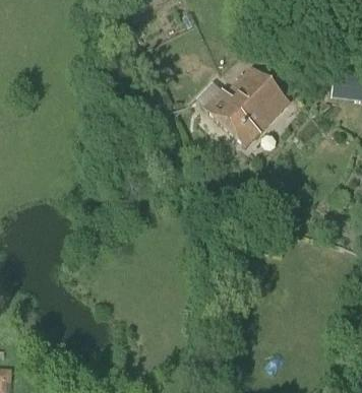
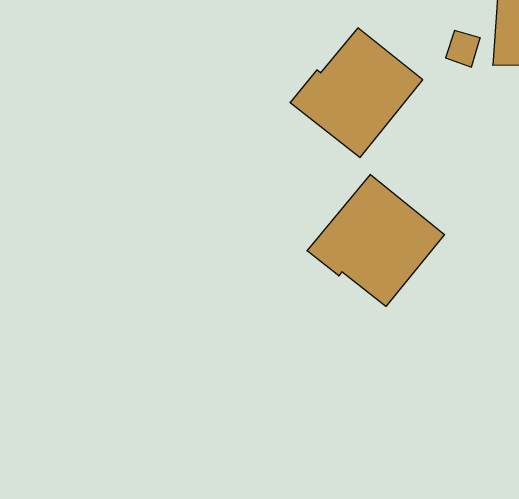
building: none -> [307,174,444,306]

